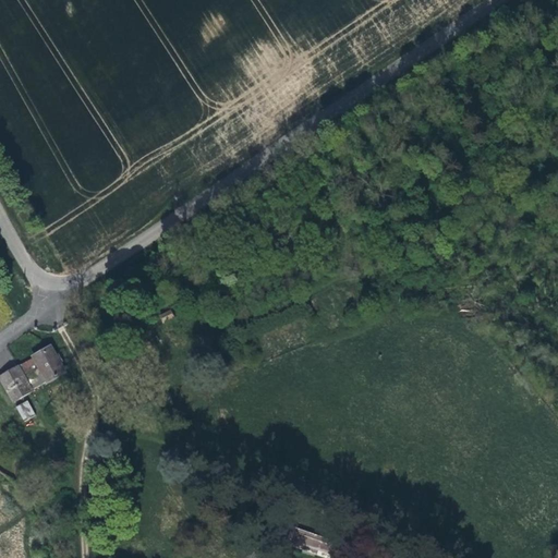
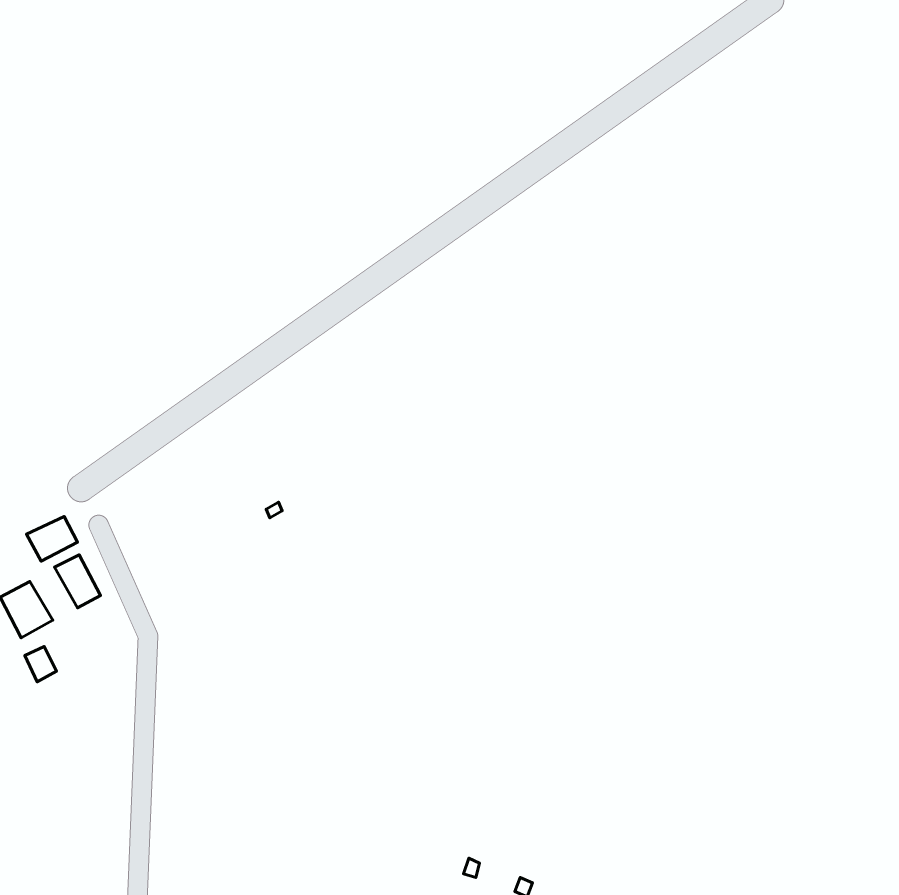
building: none -> [26,516,77,561]

